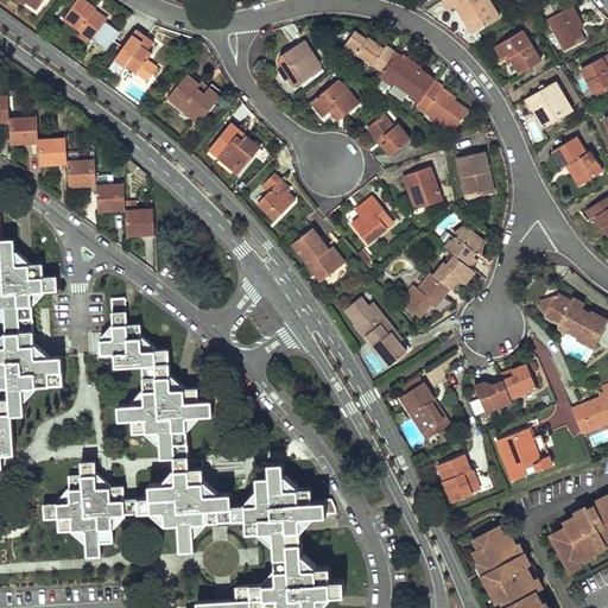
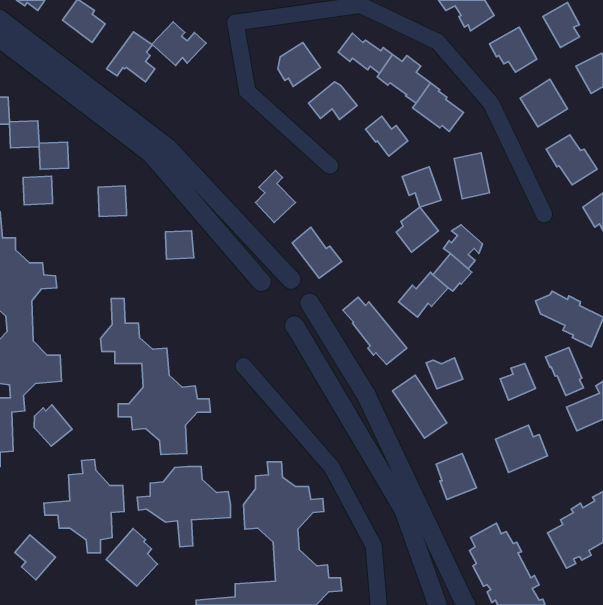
building: [166,78,221,122] -> [152,22,206,66]
building: [208,125,258,173] -> none
building: [69,164,99,192] -> [23,176,53,205]
building: [352,201,394,246] -> [396,207,439,252]
building: [127,211,156,240] -> [165,231,194,259]
building: none -> [545,348,583,396]
building: [474,380,511,411] -> [426,358,463,389]
building: none -> [34,405,72,446]
building: none -> [106,529,158,586]
building: none -> [15,535,55,580]

